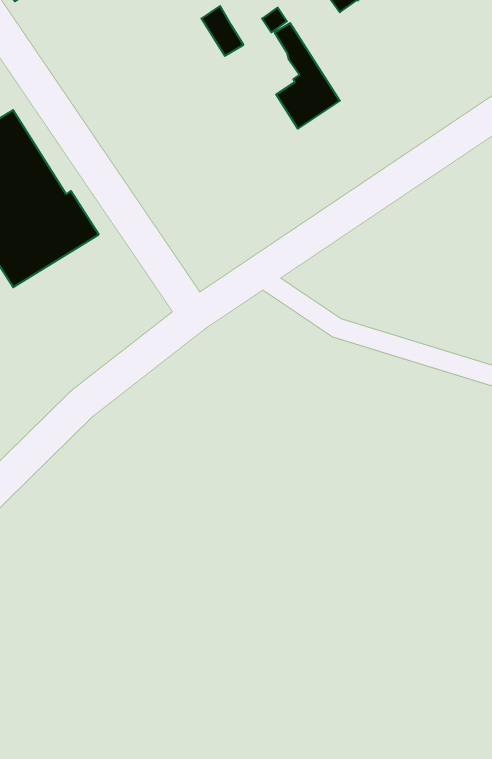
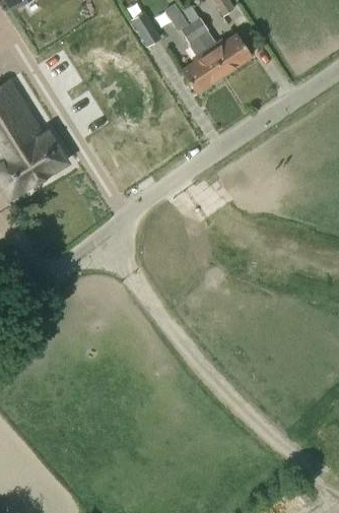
building: none -> [191,17,252,74]

